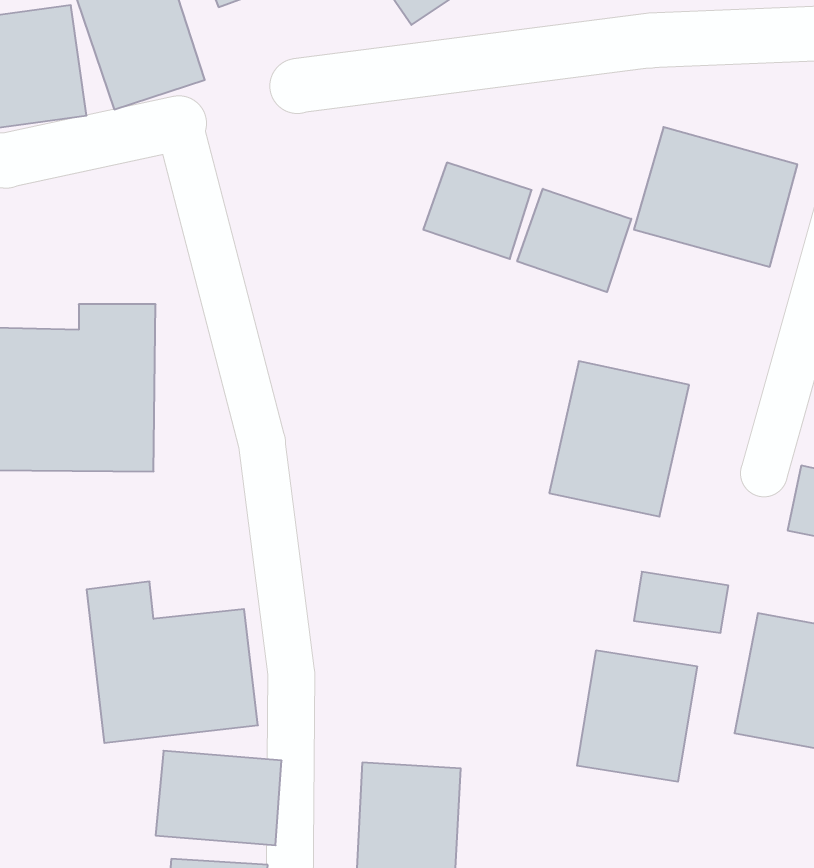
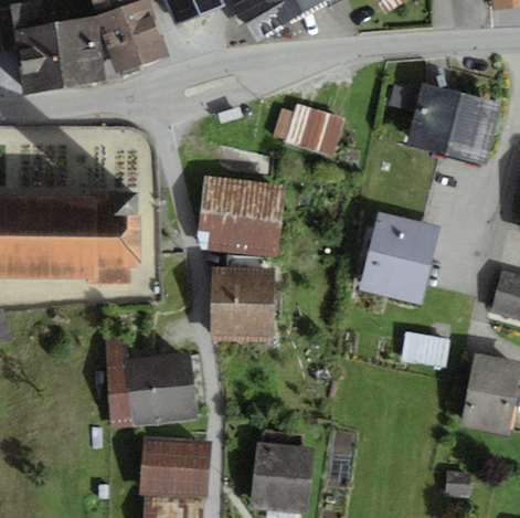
building: [517,189,631,292] -> none
building: none -> [202,175,287,253]
building: none -> [215,269,272,326]
building: [577,650,697,782] -> none

